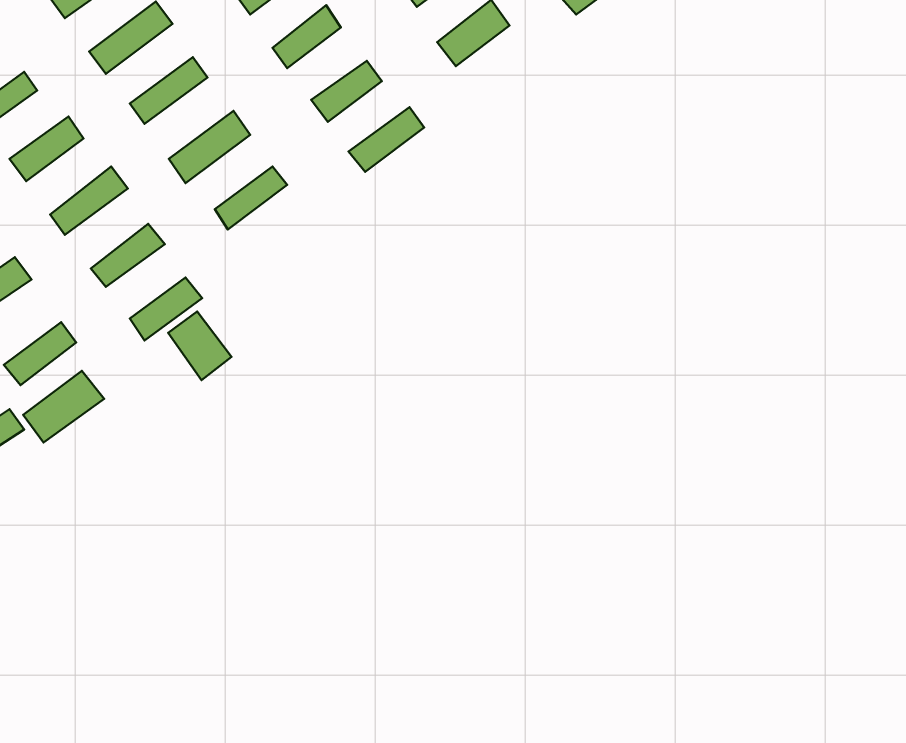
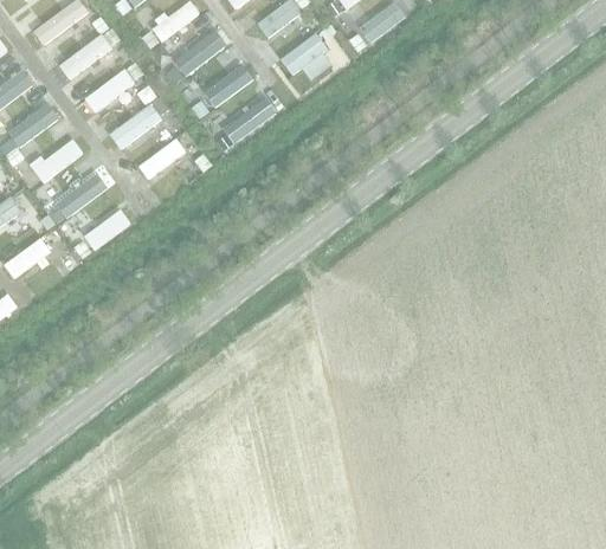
building: [168,311,232,380] -> none
building: [23,371,104,442] -> none

